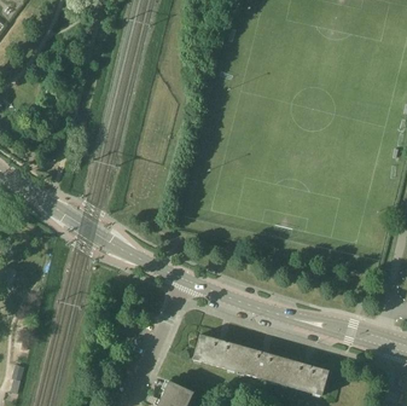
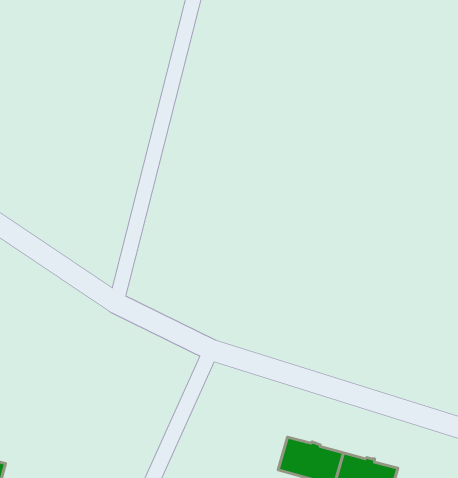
building: [193,334,243,371] -> none

